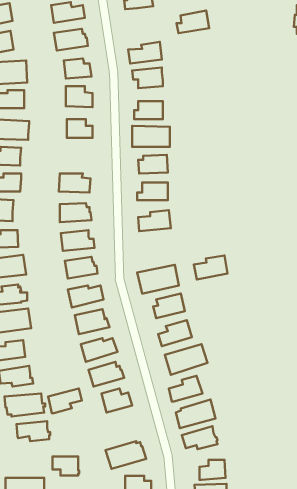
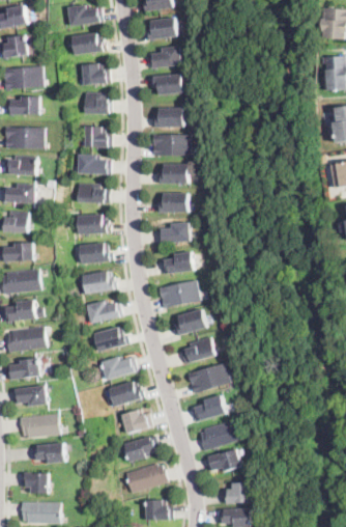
building: [177,10,209,33] -> [146,17,180,40]
building: none -> [77,155,110,174]
building: [194,256,227,279] -> [161,251,196,276]
building: [48,388,82,413] -> [123,436,158,462]
building: [53,457,79,475] -> [21,473,49,493]

